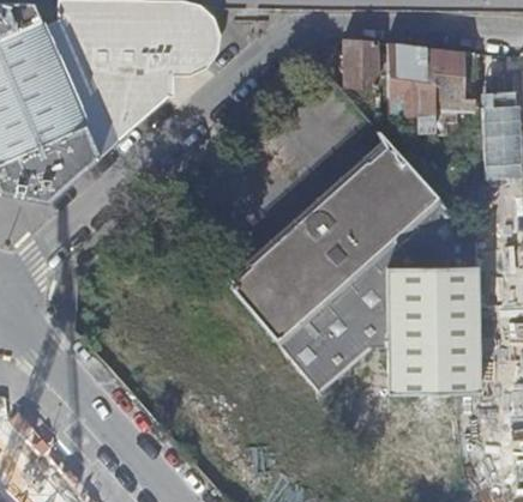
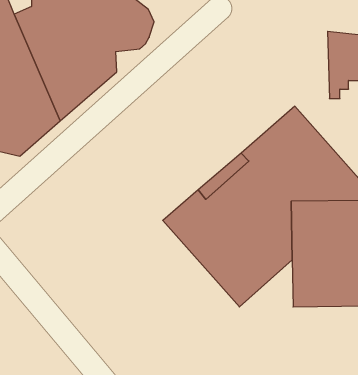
building: [344,37,378,86] -> none
building: [387,42,433,131] -> none

